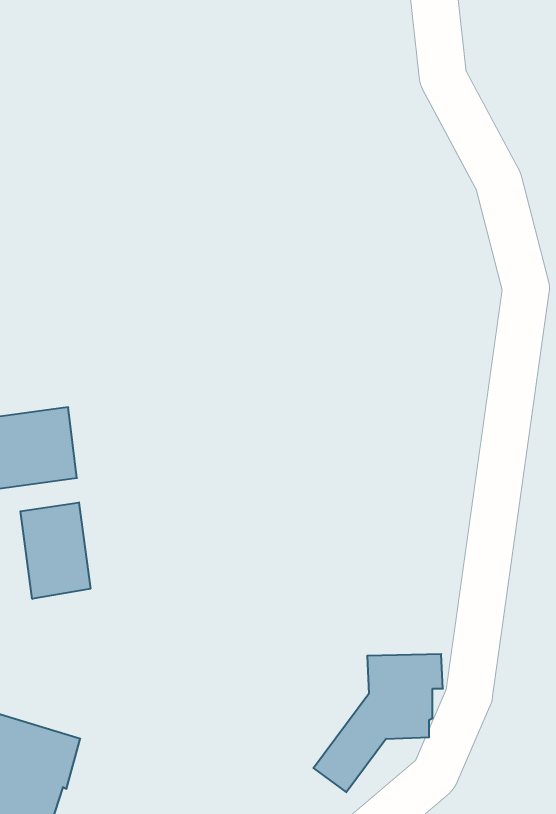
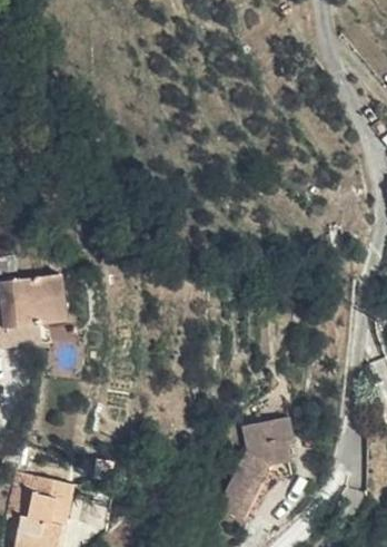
building: [20,502,90,599] -> none

